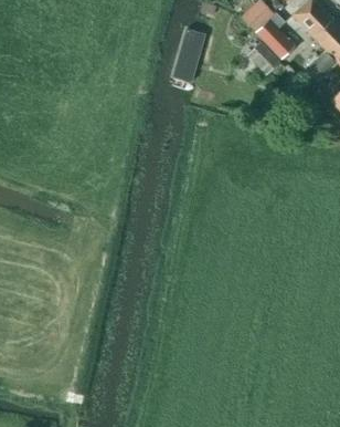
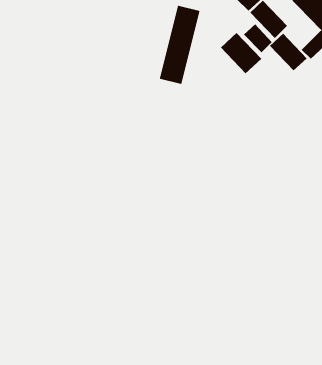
building: none -> [220,32,262,74]
building: none -> [269,33,308,71]

